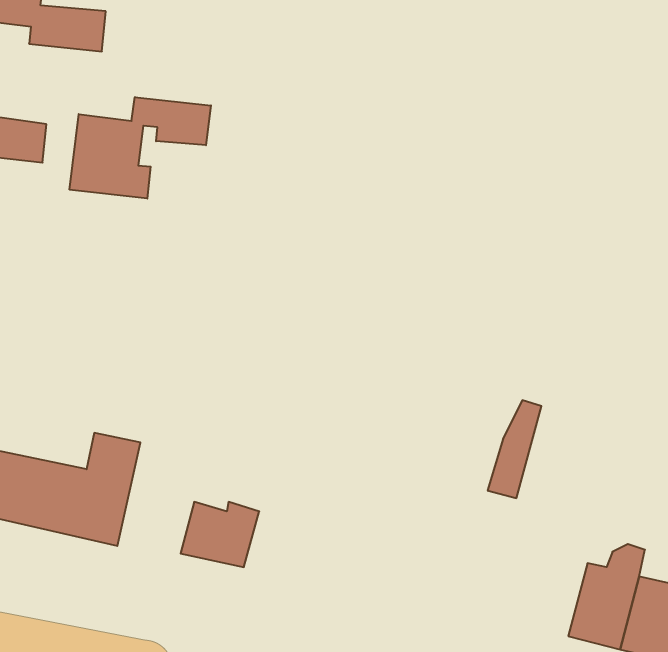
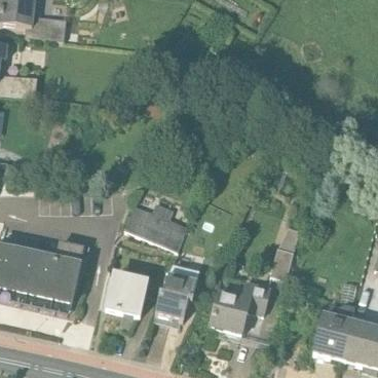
building: [70,97,211,199] -> none
building: none -> [123,200,185,251]
building: none -> [154,265,198,324]
building: none -> [210,282,267,334]

